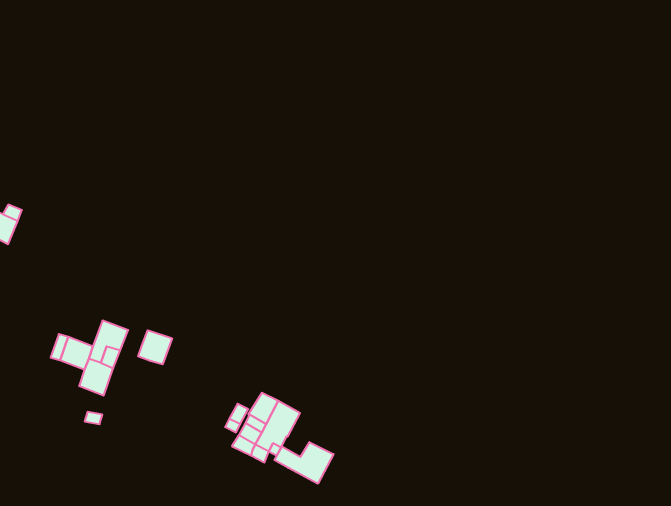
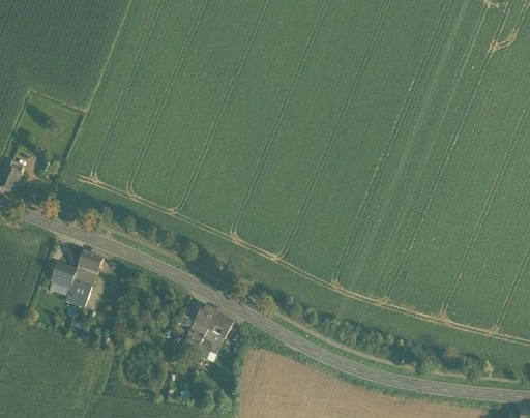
building: [138,330,172,364] -> none
building: [274,442,334,484] -> none

